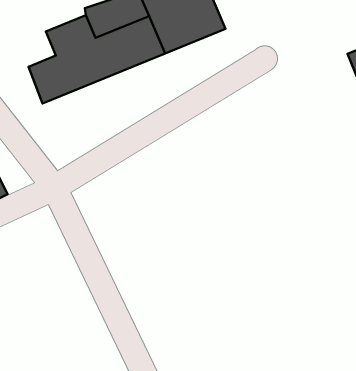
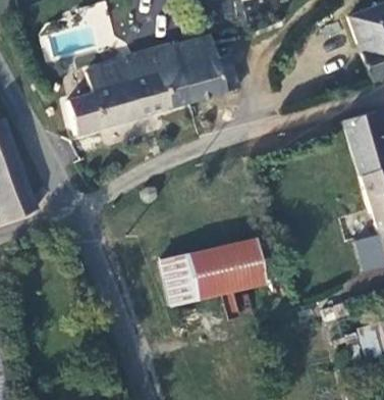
building: none -> [160,240,266,304]

